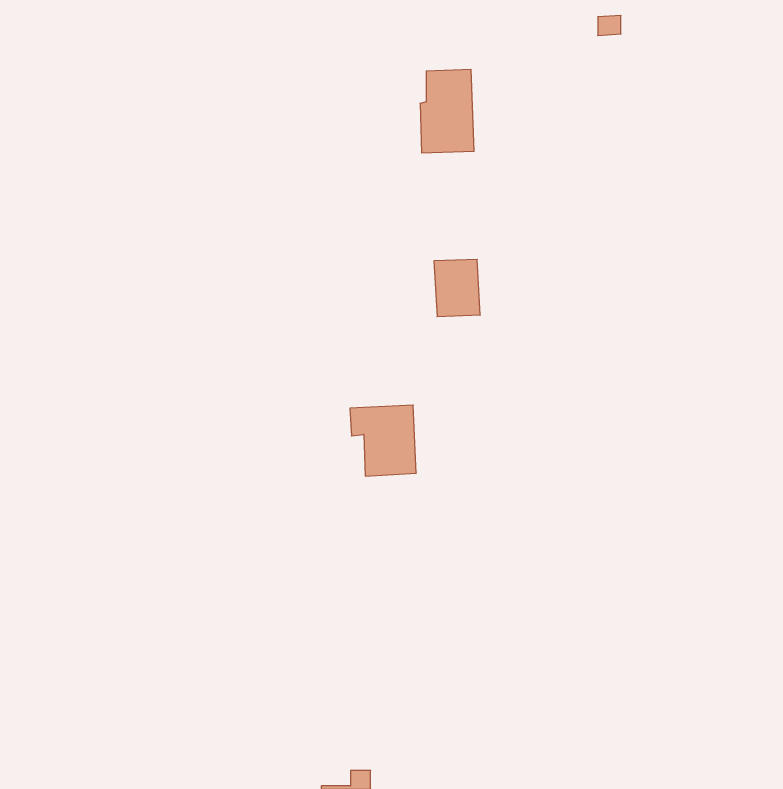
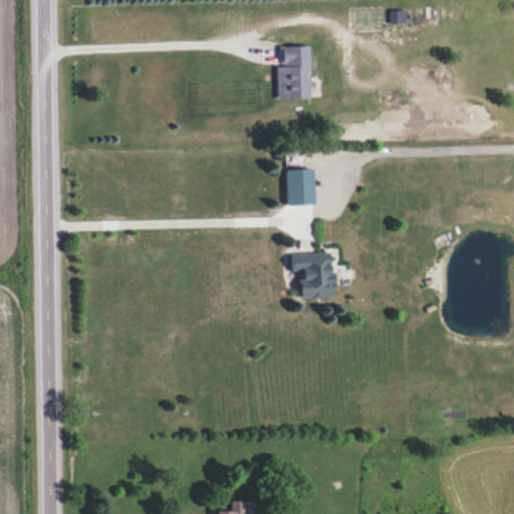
building: [350,405,416,476] -> [291,252,334,298]

